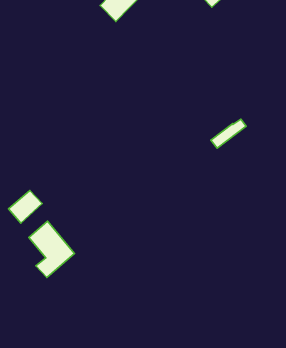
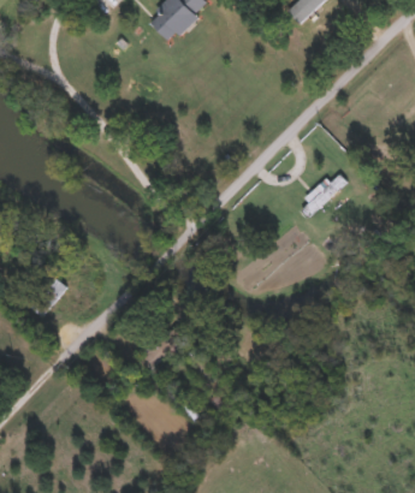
building: [29,221,75,278] -> none

